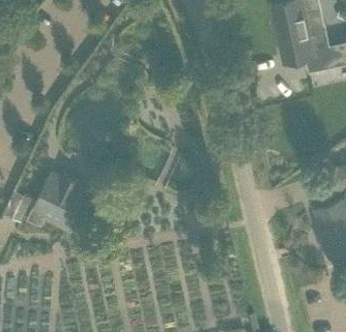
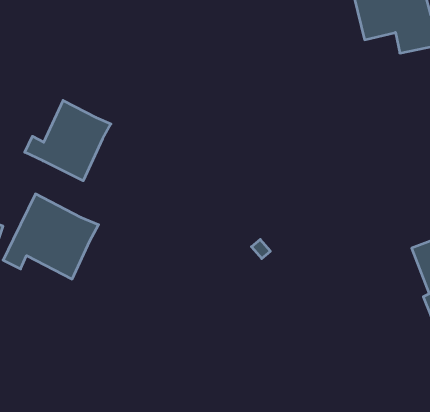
building: none -> [25,100,111,181]

